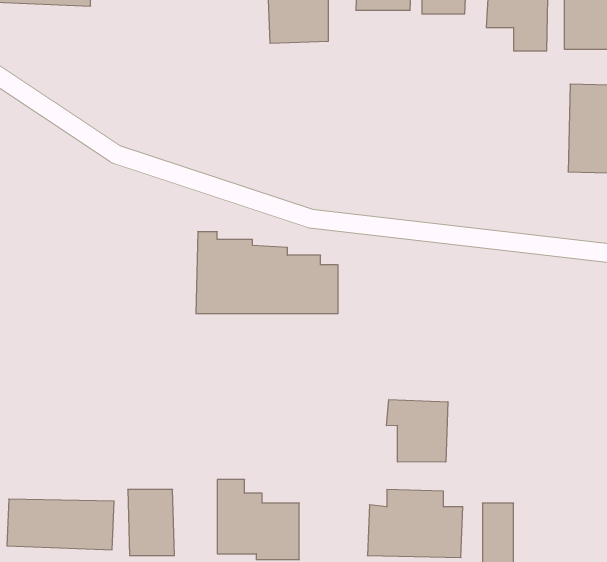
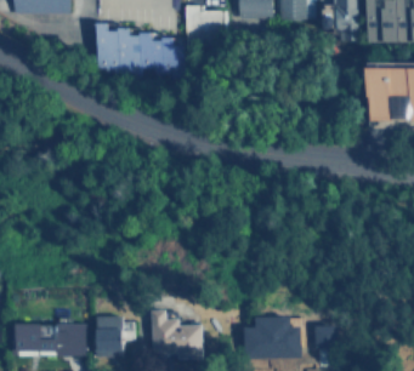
building: [196,232,338,314] -> [96,24,185,75]
building: [387,400,448,462] -> none

